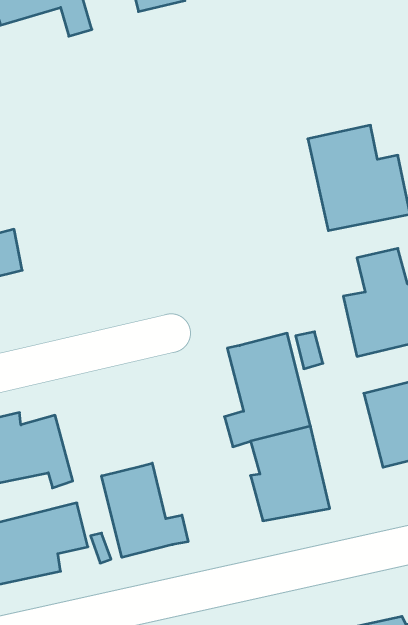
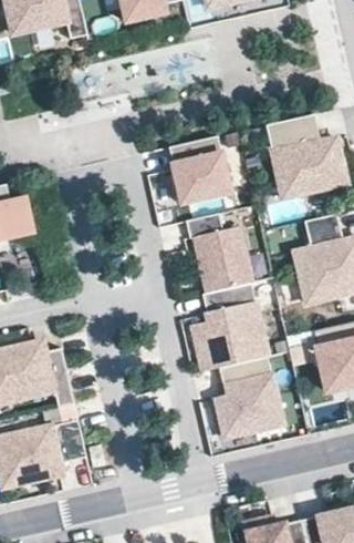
building: none -> [168,137,229,199]
building: none -> [187,214,247,291]
building: [102,463,188,557] -> none

